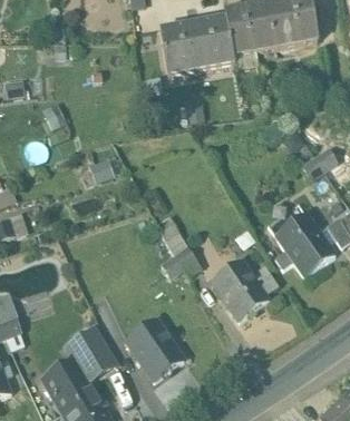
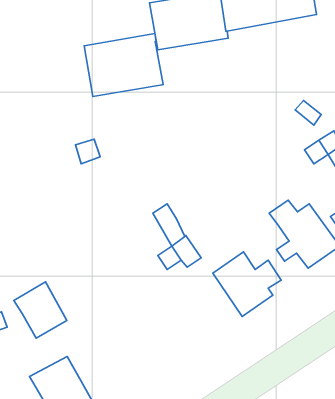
building: none -> [84,34,163,97]
building: [129,320,187,381] -> none
building: [71,330,121,383] -> [14,282,67,338]

